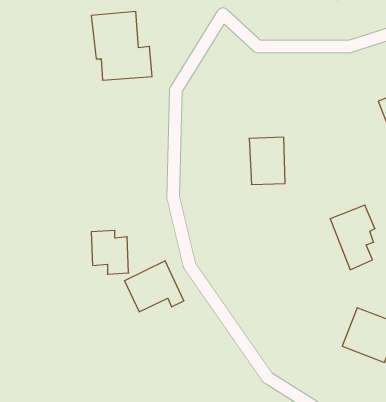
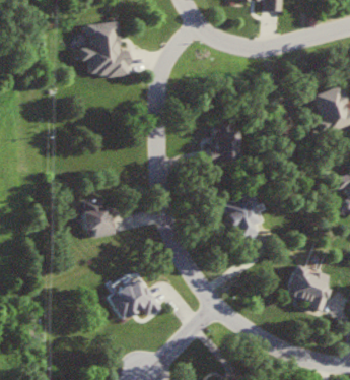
building: [330,205,375,270] -> [224,192,261,245]
building: [124,261,184,312] -> [108,278,156,320]

